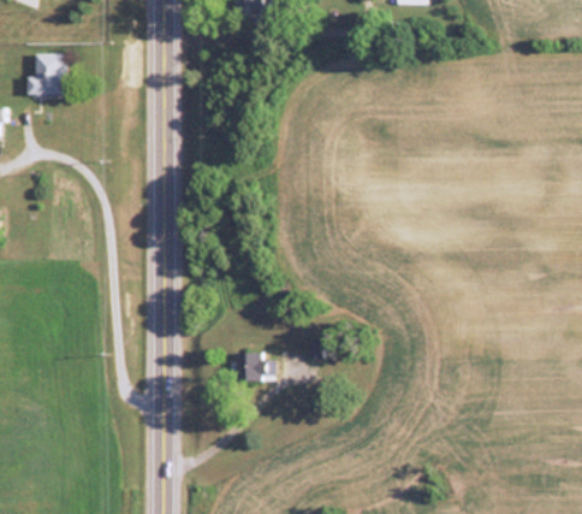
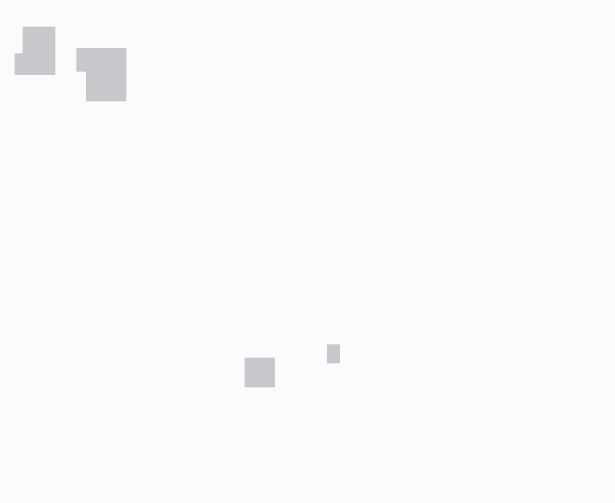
building: none -> [76,47,127,102]

